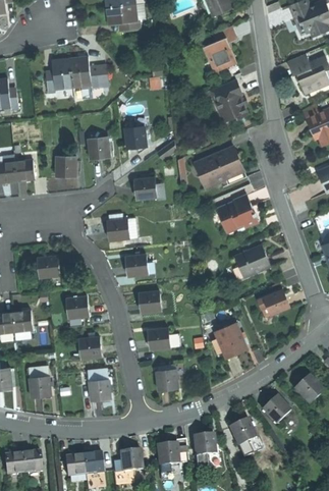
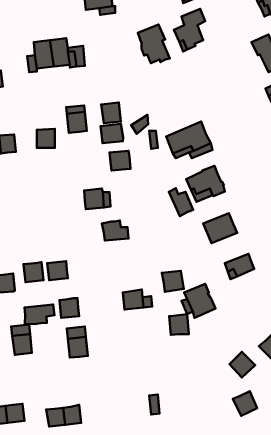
building: [213,79,248,121] -> [138,24,170,63]
building: none -> [101,124,123,143]
building: none -> [169,188,193,216]
building: [38,257,59,278] -> [24,262,43,282]
building: [138,291,161,314] -> [162,271,184,292]
building: none -> [25,304,54,324]
building: [156,369,177,391] -> [169,314,189,335]
building: [229,419,256,445] -> [233,391,257,416]
building: [194,433,215,470] -> none
building: [156,442,178,465] -> none
building: [120,449,142,471] -> none

